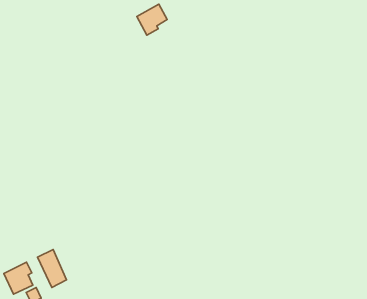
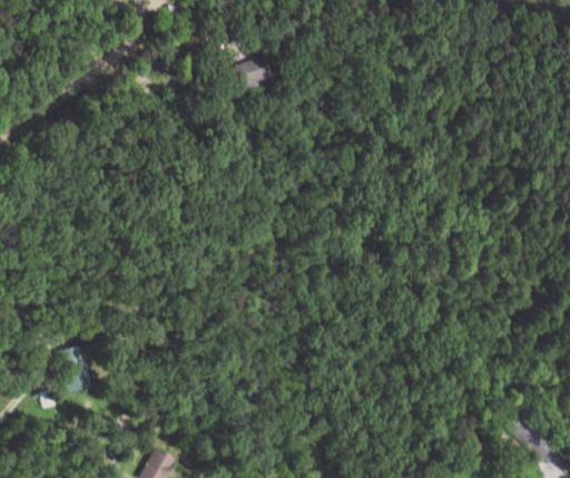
building: [4,262,33,294] -> none

